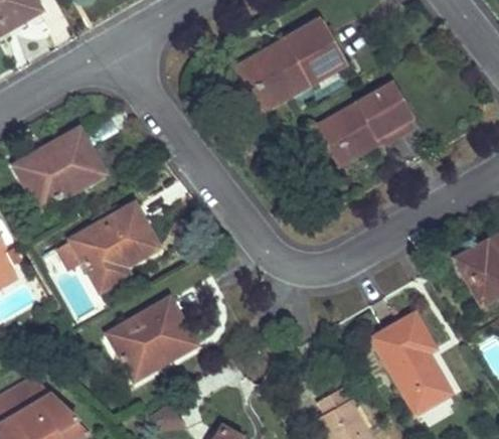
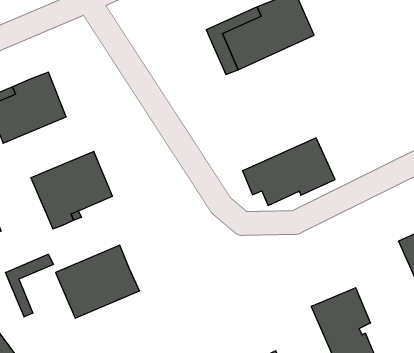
building: [319,84,414,158] -> [242,138,335,205]
building: none -> [6,254,53,317]

